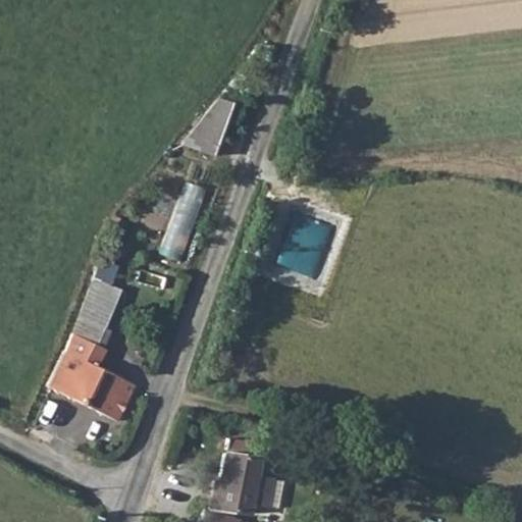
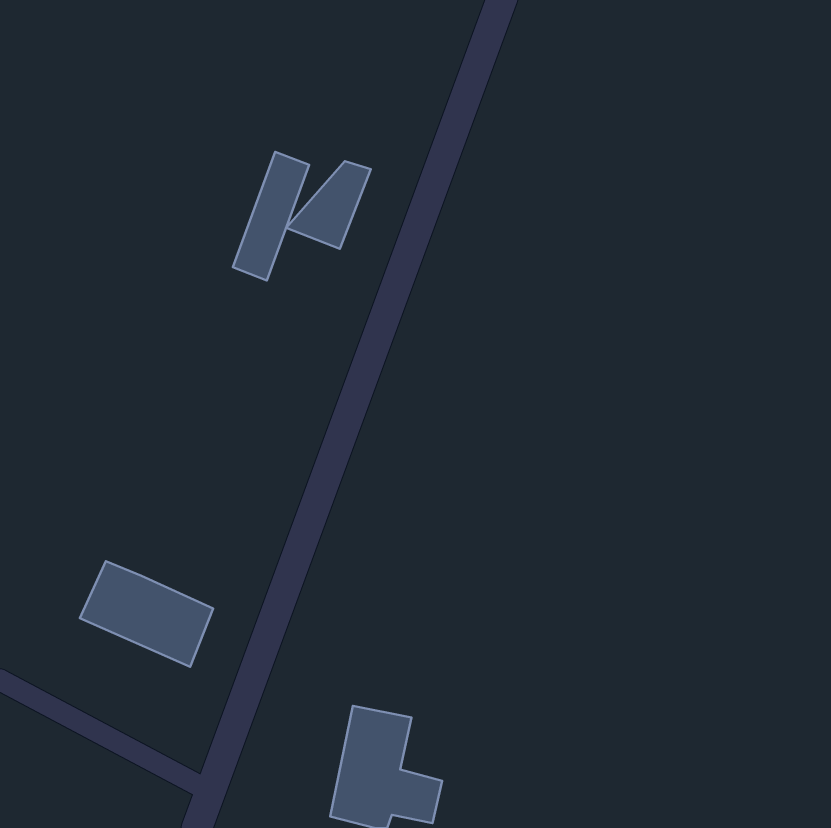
building: [162,178,210,259] -> [233,152,309,280]
building: [66,279,122,361] -> none

